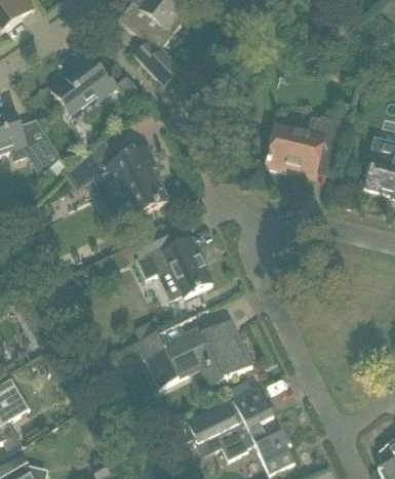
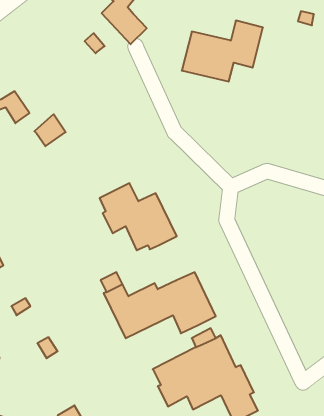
building: [50,51,116,113] -> none
building: [265,114,348,176] -> [182,21,263,82]
building: [107,147,166,217] -> none

